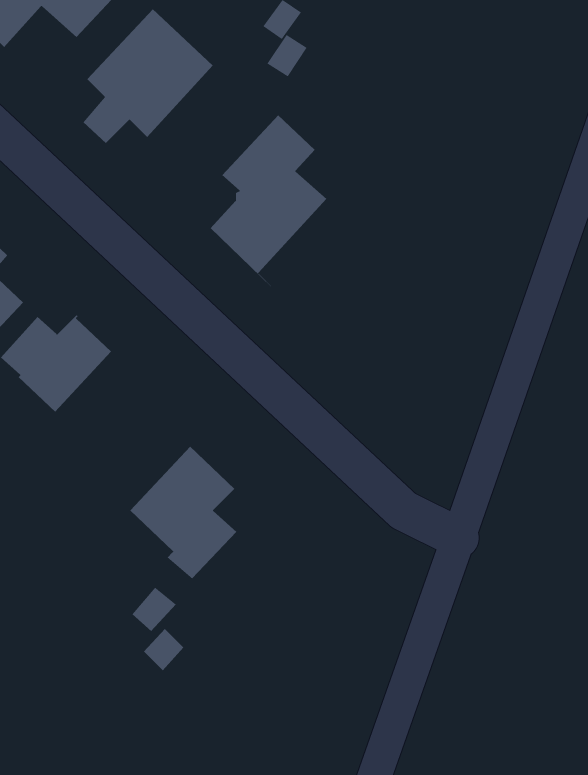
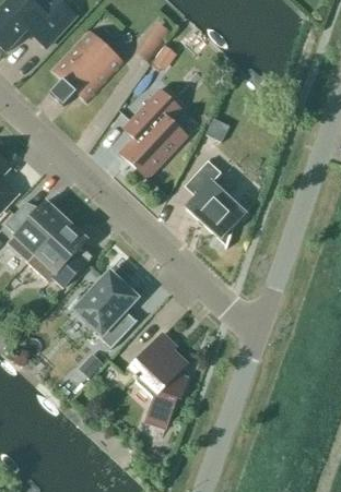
building: none -> [185,159,245,248]
building: none -> [35,220,89,287]
building: none -> [129,333,188,436]

